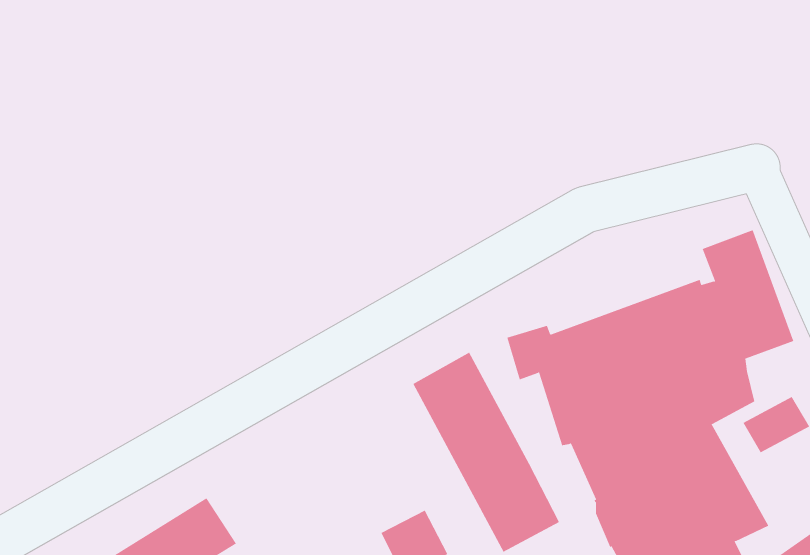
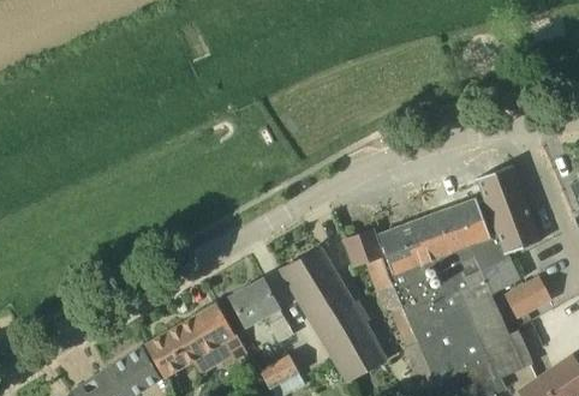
building: none -> [229,278,293,342]
building: none -> [145,304,247,377]

